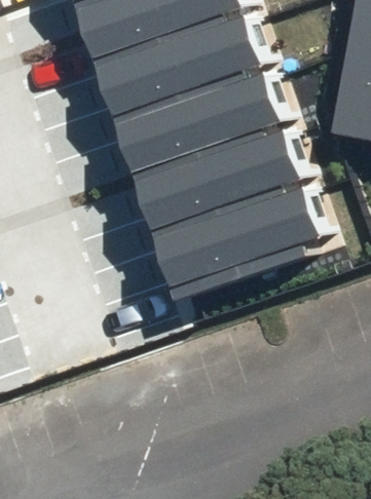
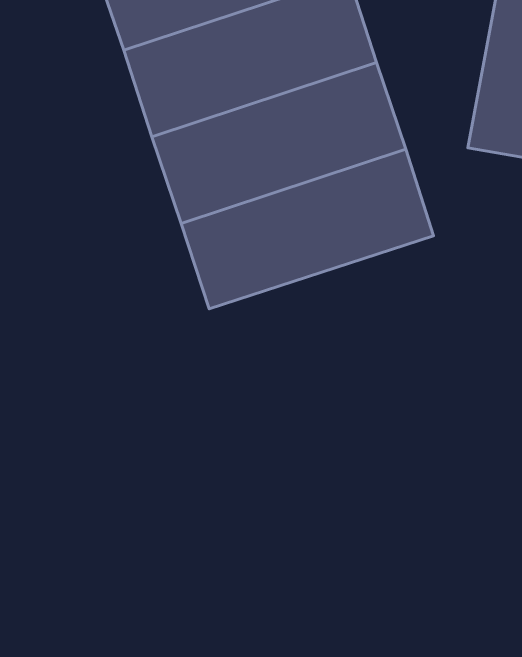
building: [162,192,331,298] -> none

